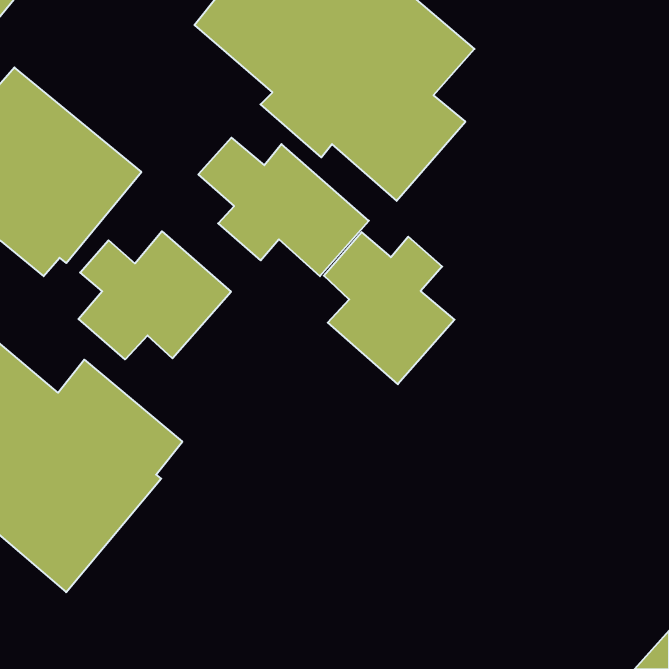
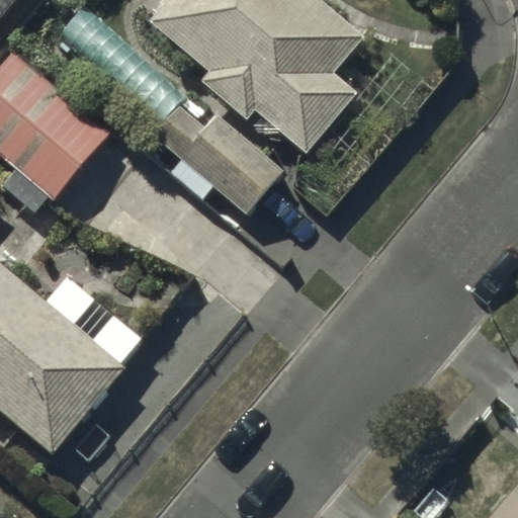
building: [78,231,231,359] -> none
building: [324,232,455,384] -> none

